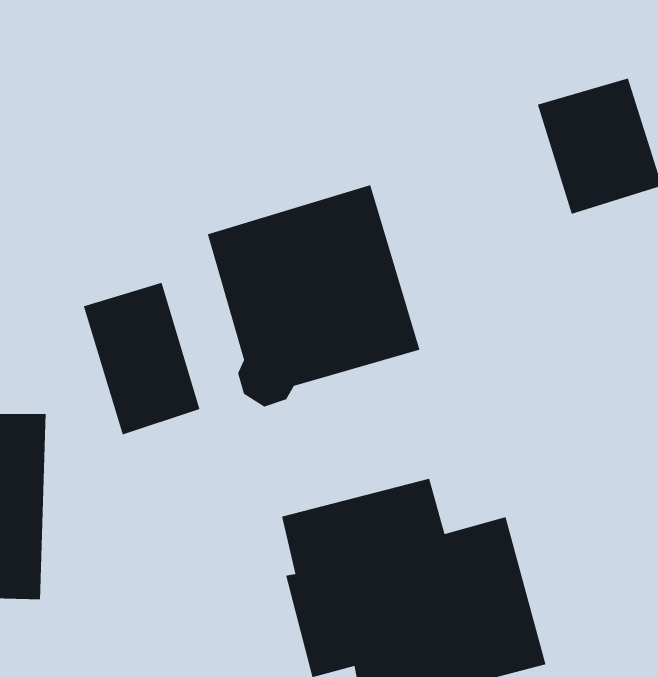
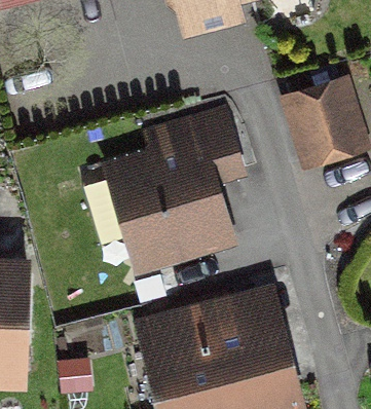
building: [83,282,201,436] -> none

